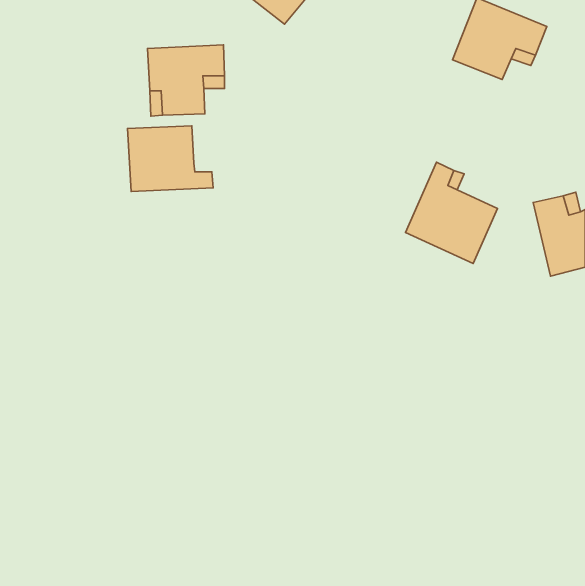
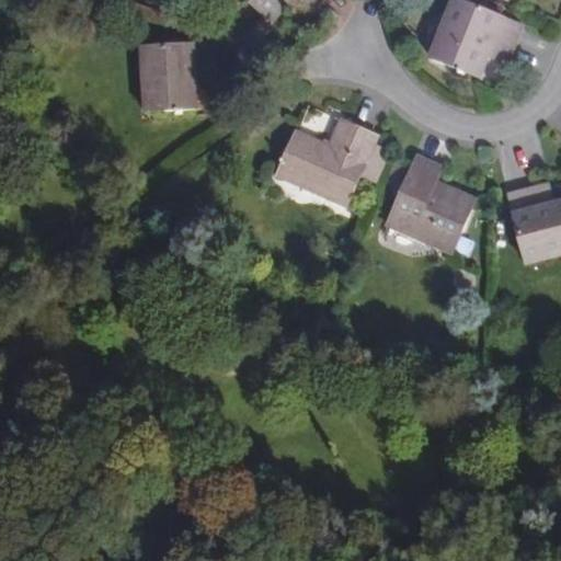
building: none -> [277,117,393,202]
building: [127,126,213,191] -> none

